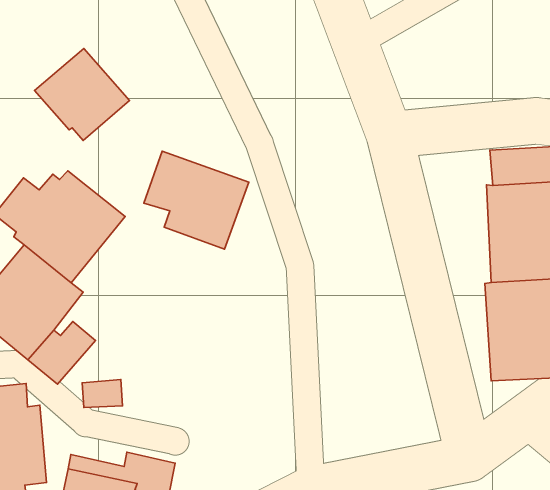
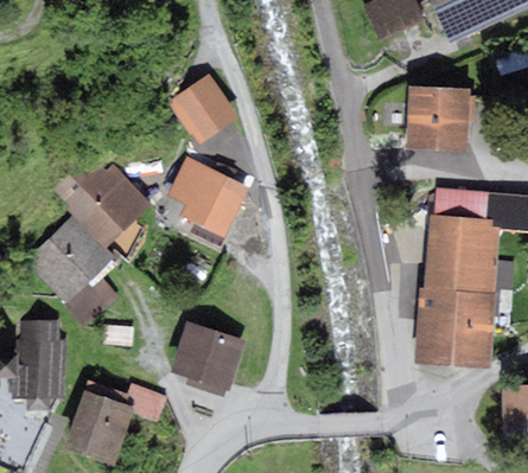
building: none -> [406,87,470,151]
building: [35,48,129,141] -> [167,75,238,145]
building: none -> [171,322,246,397]

